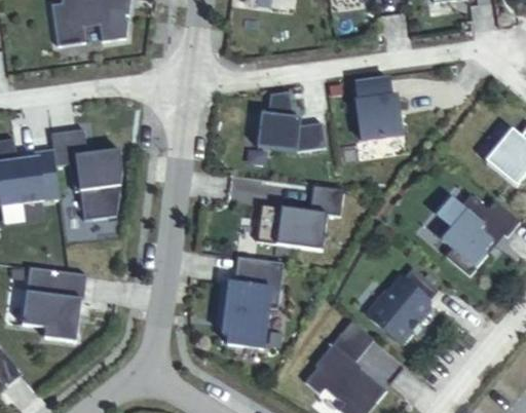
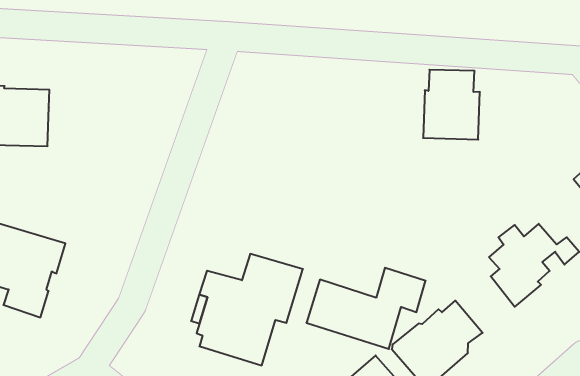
building: [255,90,325,151] -> none
building: [50,128,123,221] -> none
building: [254,185,345,251] -> [306,268,426,349]

